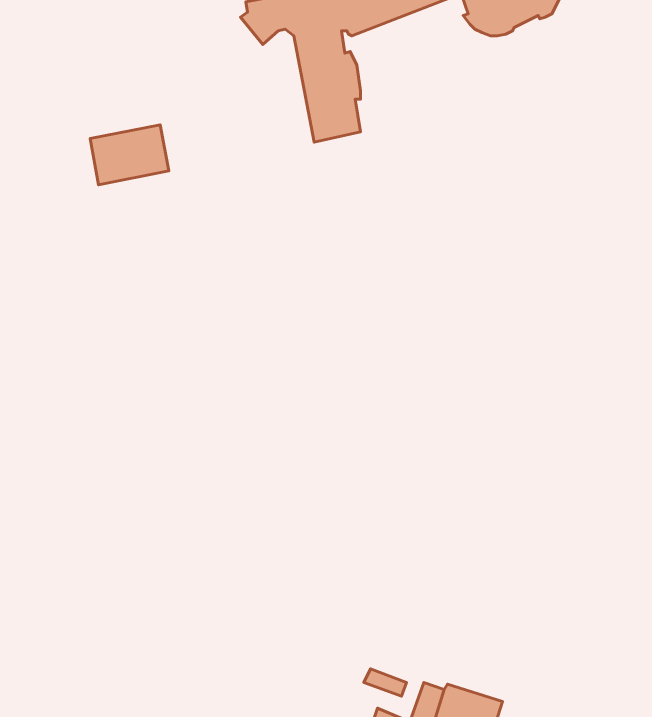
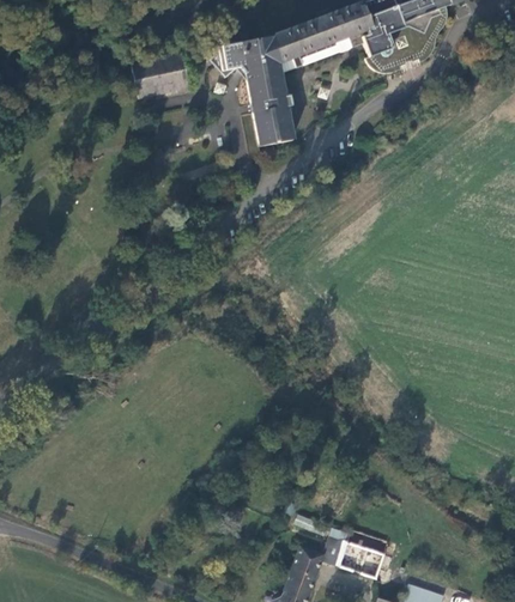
building: [90,125,169,185] -> [131,53,186,95]

